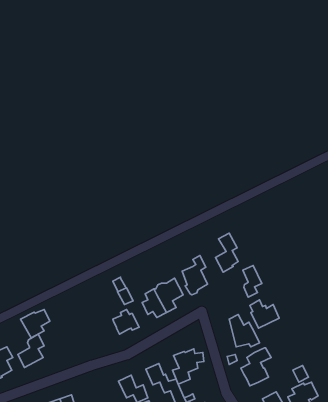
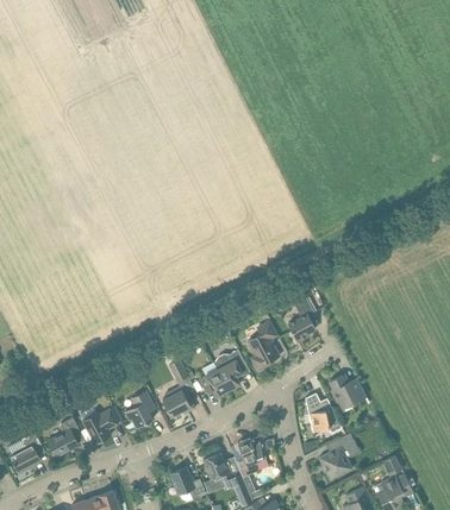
building: [243,265,262,297] -> none
building: [21,309,50,338] -> [82,409,118,443]
building: none -> [125,390,156,429]

